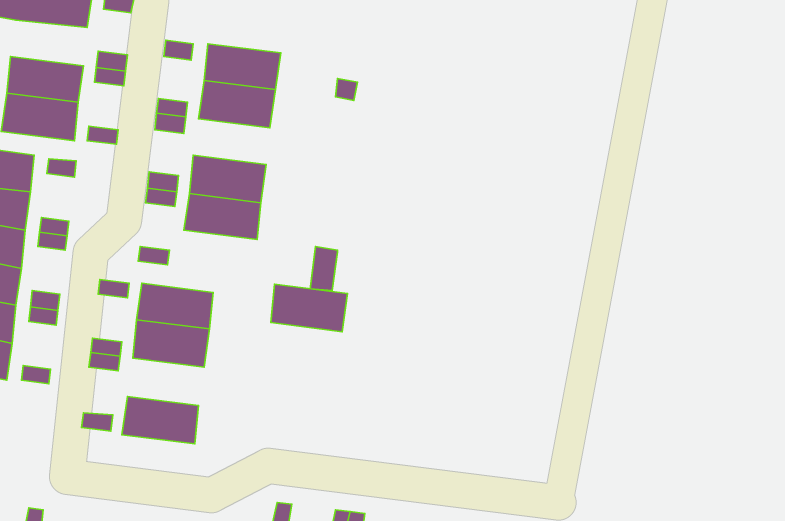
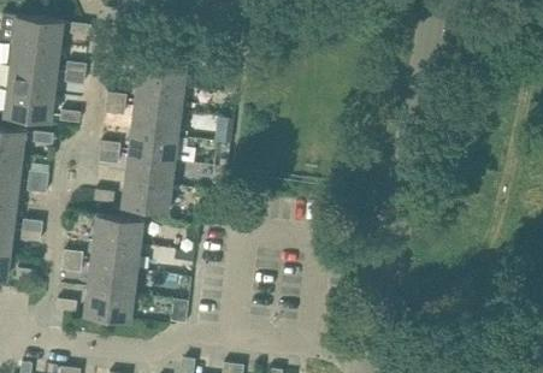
building: none -> [10,41,60,71]
building: none -> [130,106,181,136]
building: [271,284,348,332] -> [122,179,172,211]
building: none -> [87,264,137,295]

